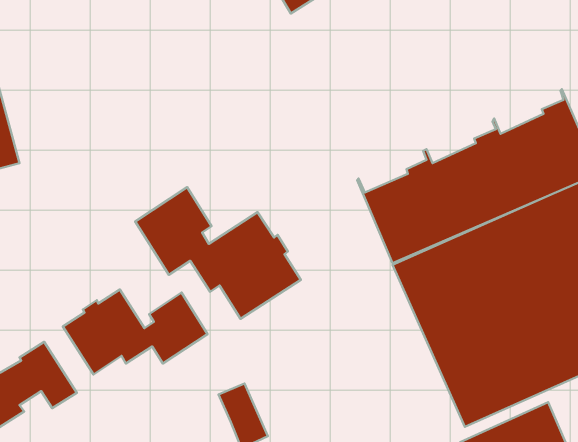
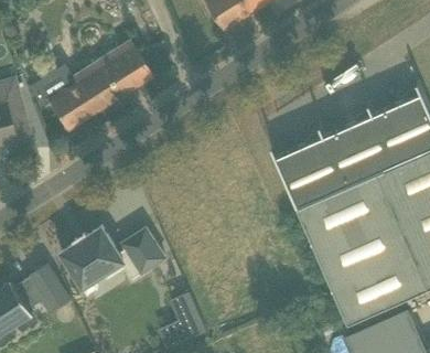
building: none -> [29,42,150,130]
building: [135,187,301,319] -> none

